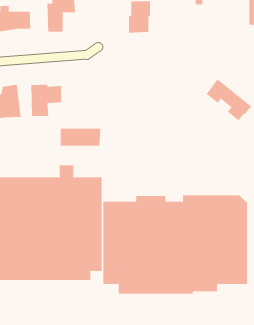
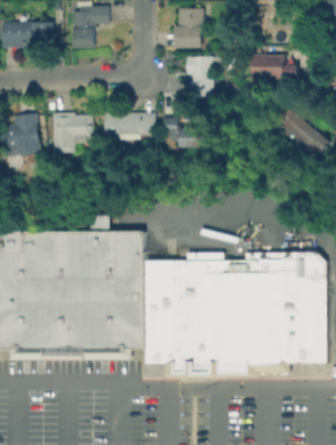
building: none -> [252,54,299,81]
building: none -> [187,56,223,96]
building: none -> [162,117,202,148]
building: [60,128,101,146] -> [104,112,156,135]

